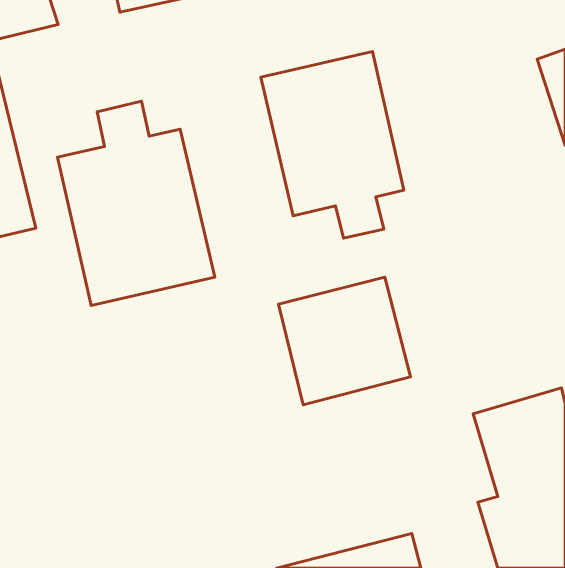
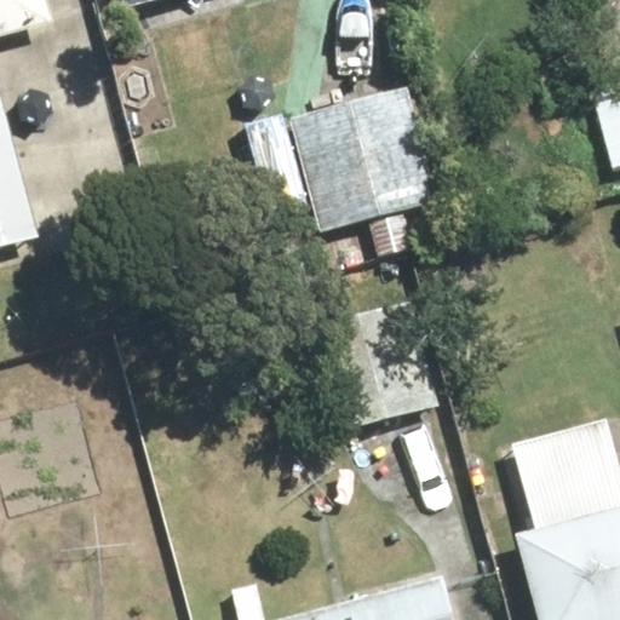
building: [58,101,215,306] -> none

